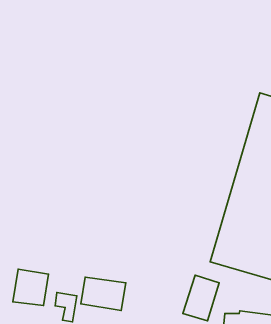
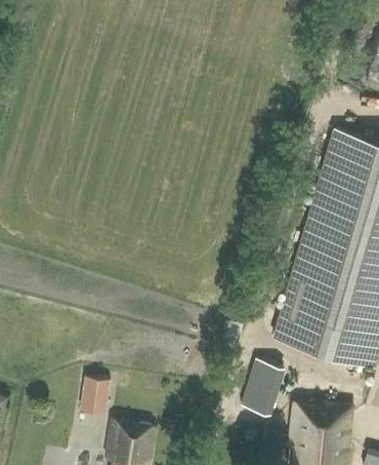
building: [13,269,49,306] -> none
building: [81,277,126,310] -> none

